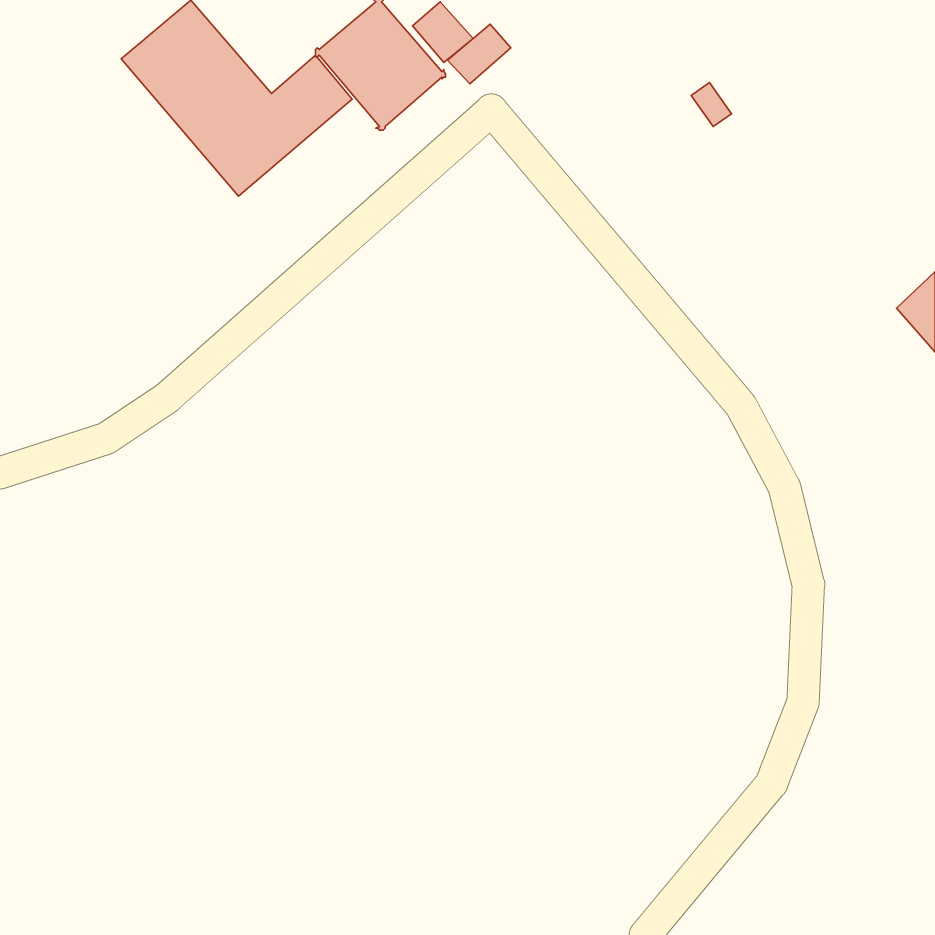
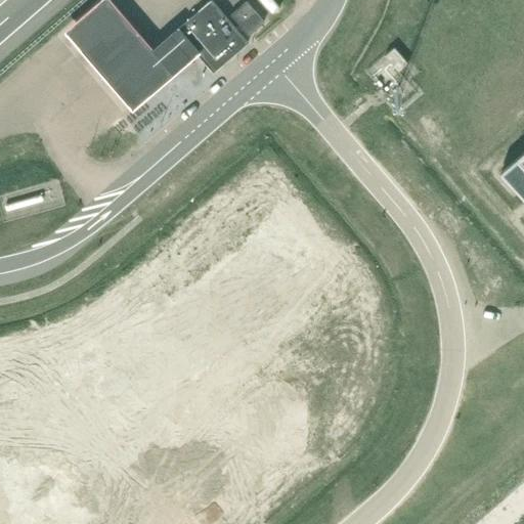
building: [447,24,511,84] -> none

